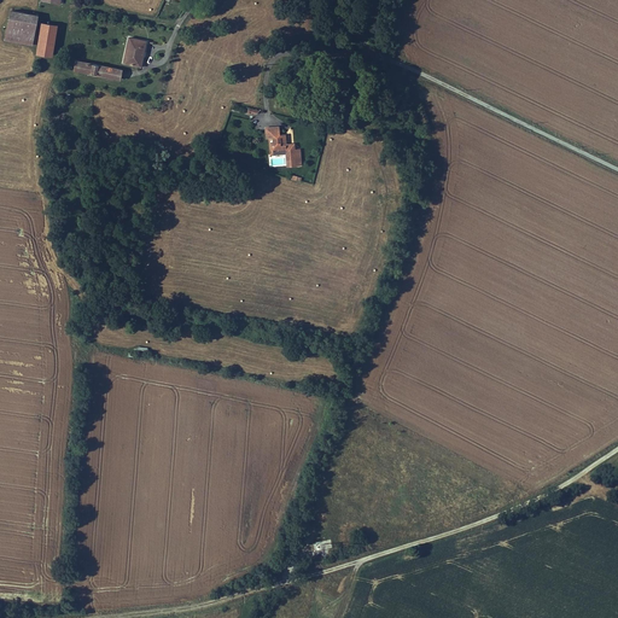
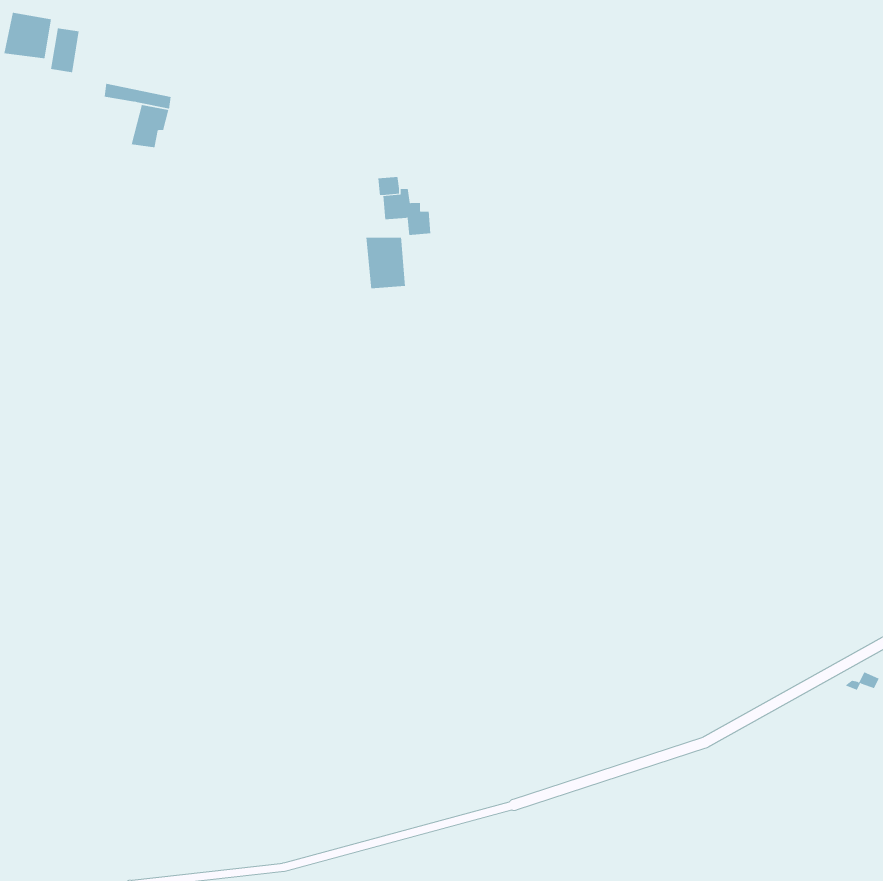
building: [122,36,148,66] -> [131,105,169,148]
building: none -> [366,237,405,289]

